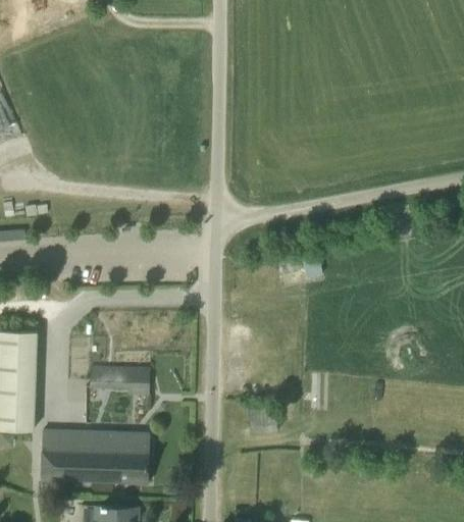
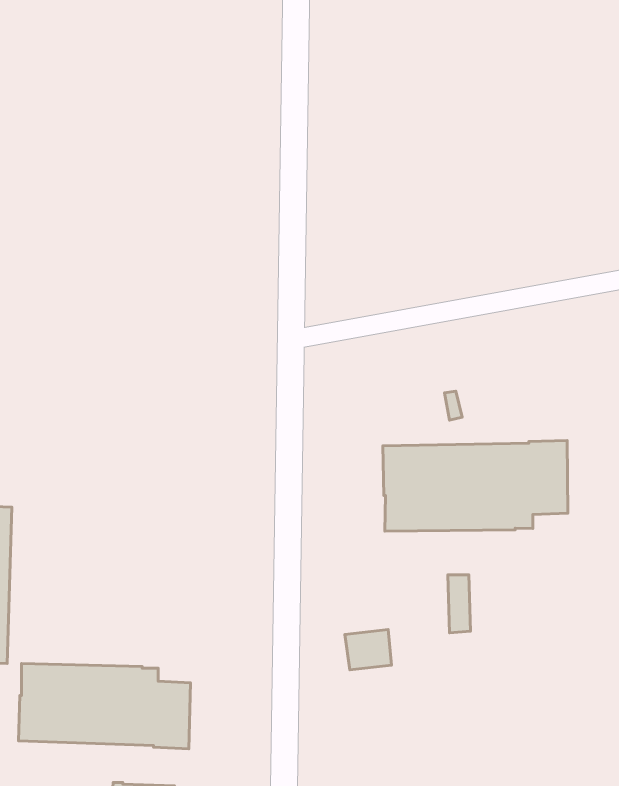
building: none -> [383,440,568,531]
building: [90,363,150,393] -> none

